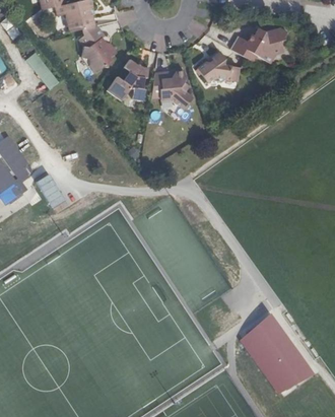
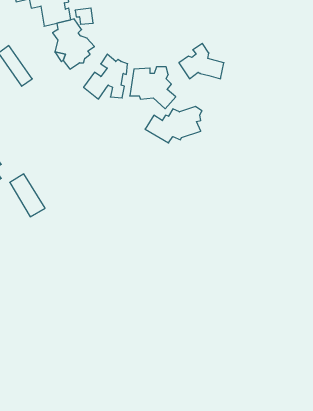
building: [230,26,284,61] -> [145,107,202,143]
building: [243,317,310,389] -> none

